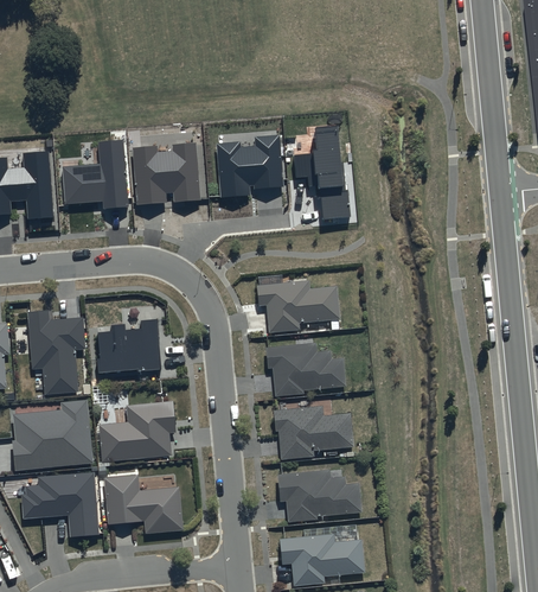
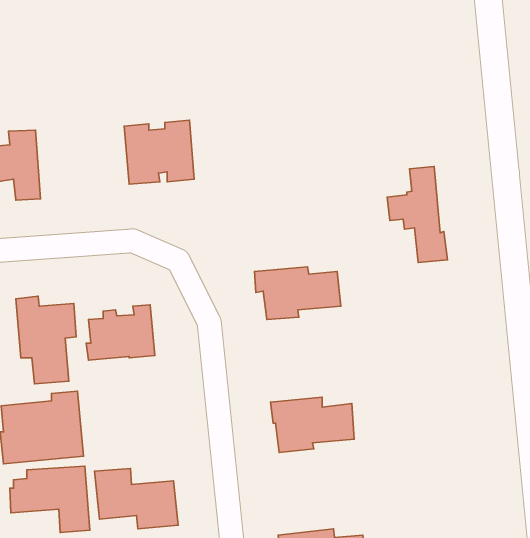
building: [292,123,350,216] -> [387,166,448,262]
building: [214,132,282,195] -> none
building: [60,136,127,205] -> none
building: [265,343,346,396] -> none
building: [98,401,175,461] -> none
building: [277,470,361,522] -> none

